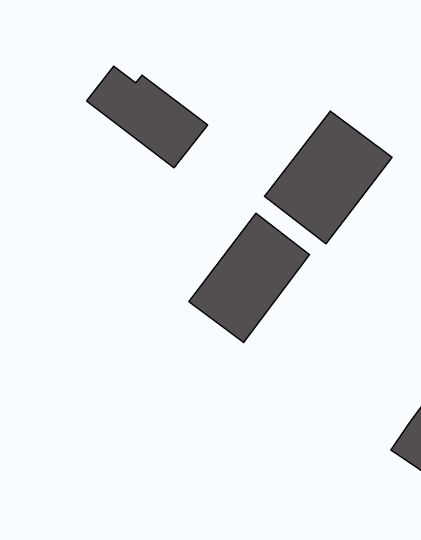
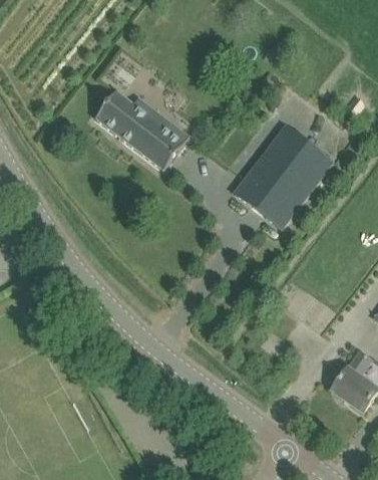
building: [189,213,310,343] -> none

